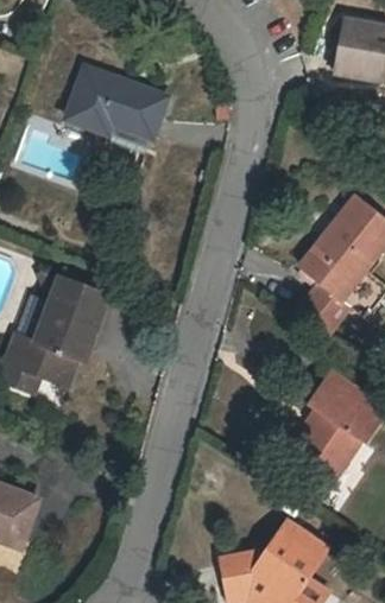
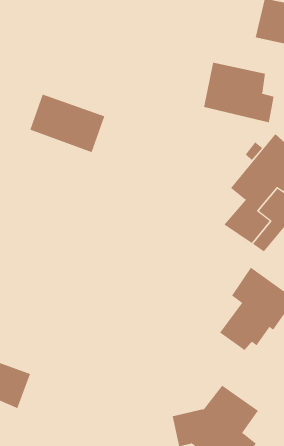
building: [67,70,164,146] -> [29,94,105,153]
building: none -> [203,62,274,123]
building: [14,284,108,393] -> none

